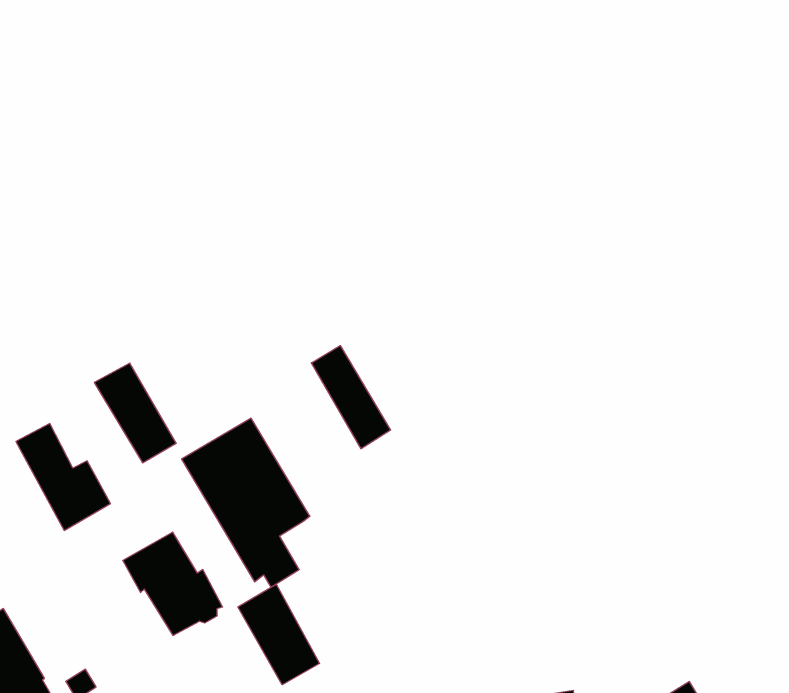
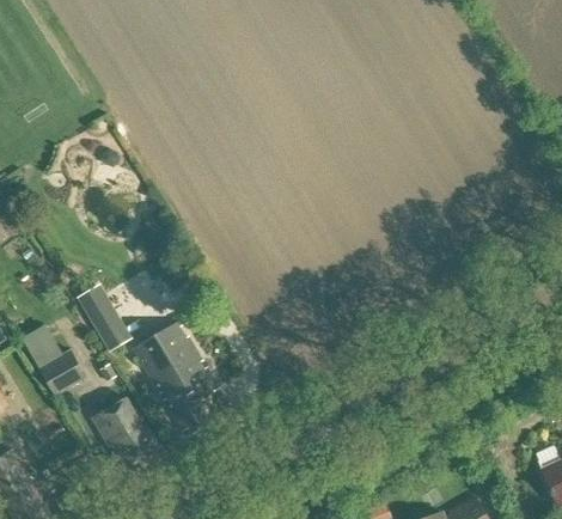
building: [311,346,391,449] -> none
building: [238,584,320,685] -> none

